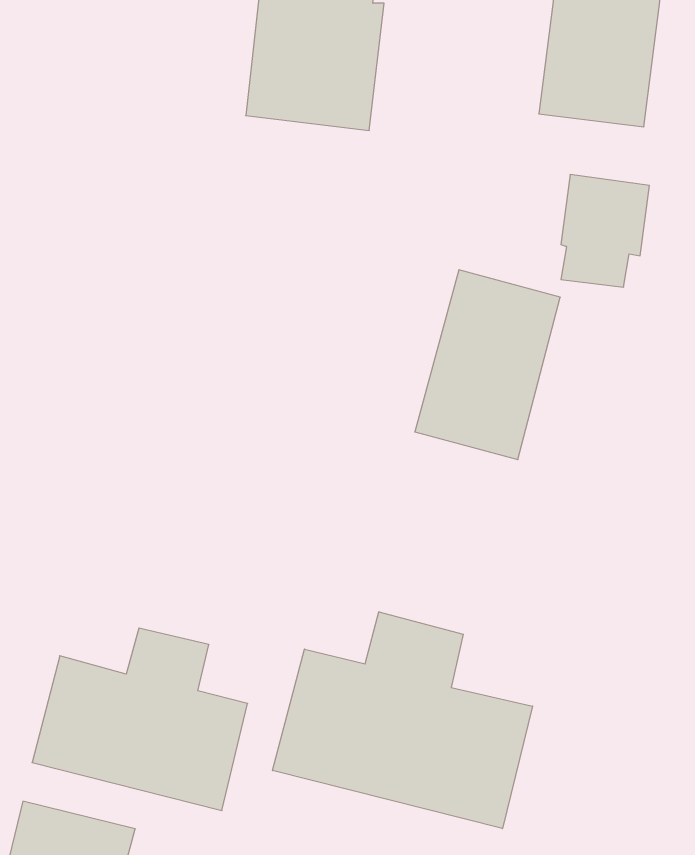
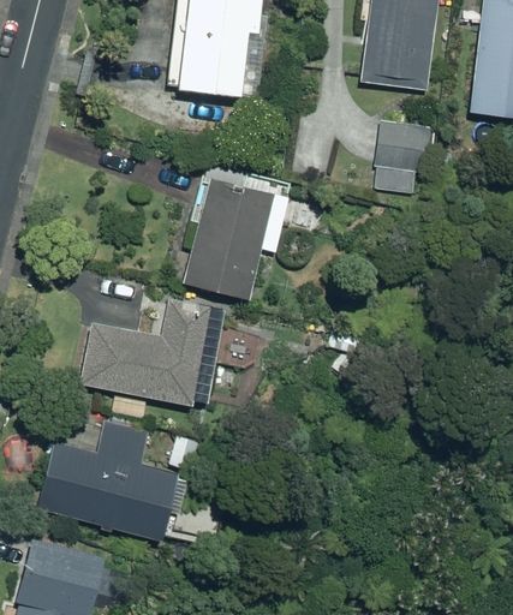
building: [415,270,560,460] -> [178,172,273,295]
building: none -> [74,297,213,402]
building: [273,612,533,829] -> none

